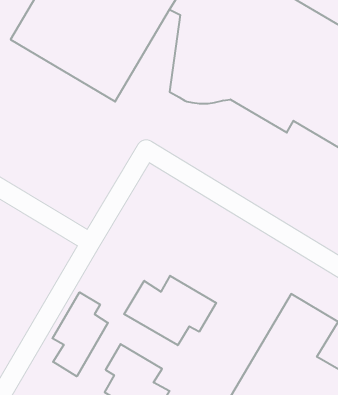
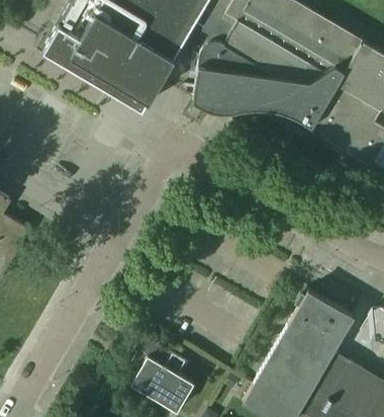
building: [124,276,216,345] -> none
building: [52,292,108,376] -> none

